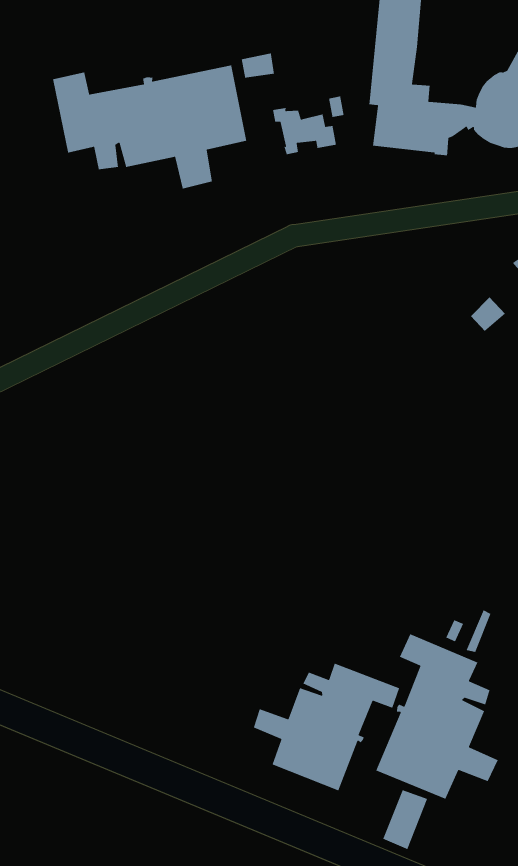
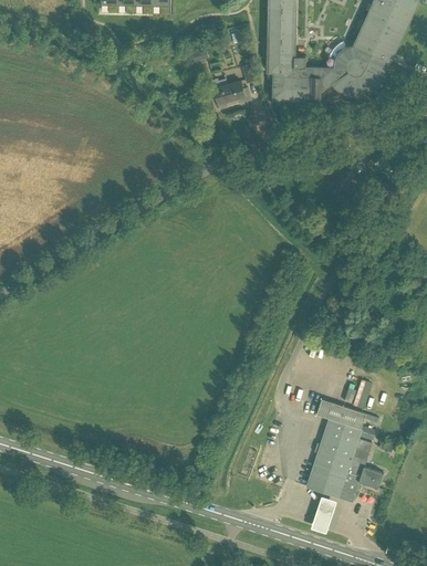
building: [52,65,247,189] -> none
building: [253,662,400,791] -> none

